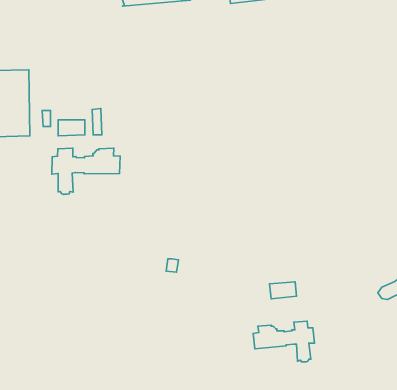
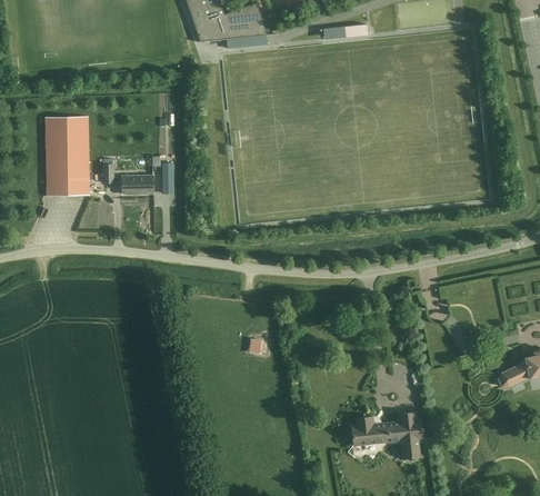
building: [52,148,120,194] -> none
building: [270,282,297,299] -> none

